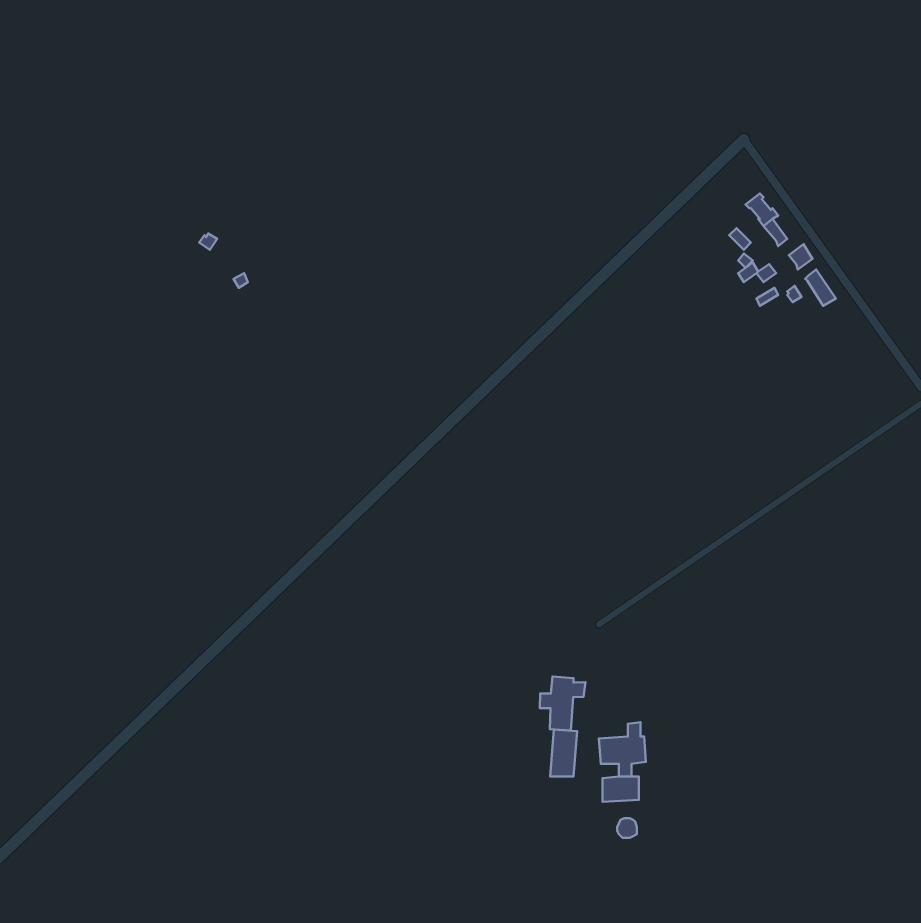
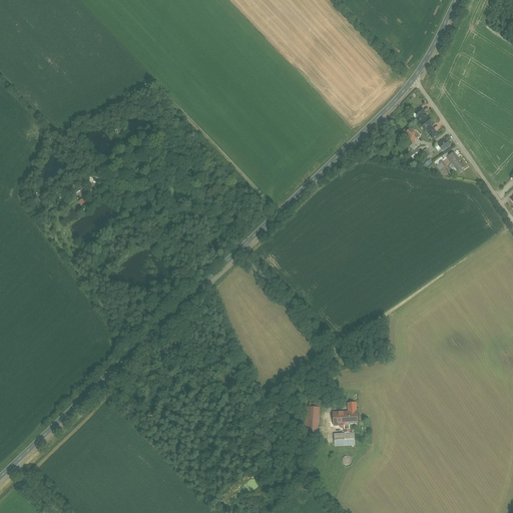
building: [540,677,585,731] -> none

